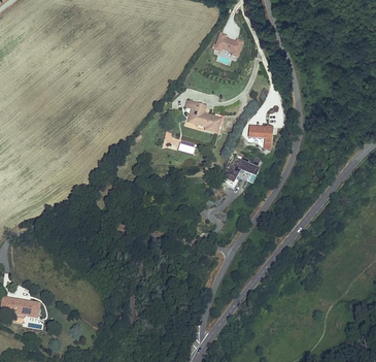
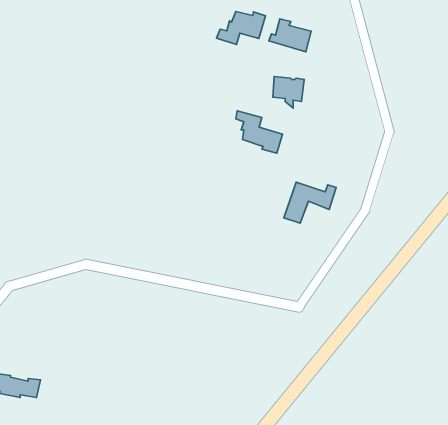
building: none -> [217,12,266,44]
building: [249,126,273,150] -> [273,77,304,108]

